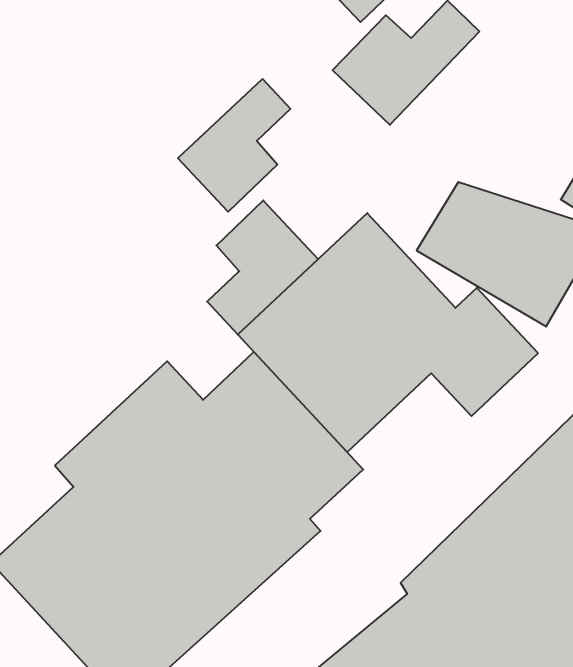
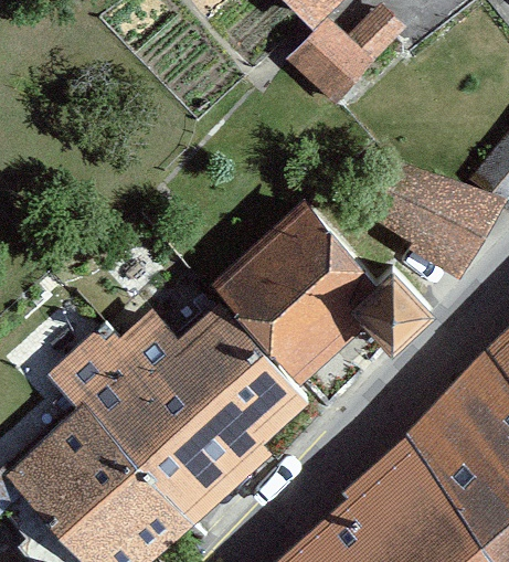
building: [178,79,290,212] -> none
building: [207,200,318,334] -> none

